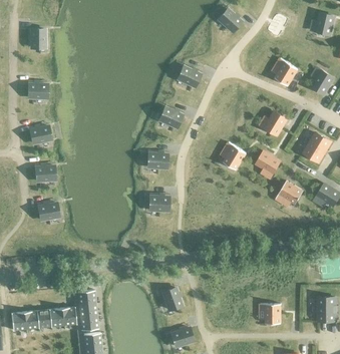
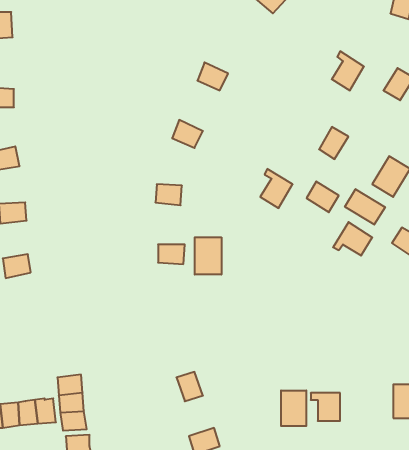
building: none -> [345,189,385,225]
building: none -> [195,237,221,275]
building: none -> [281,390,306,426]

